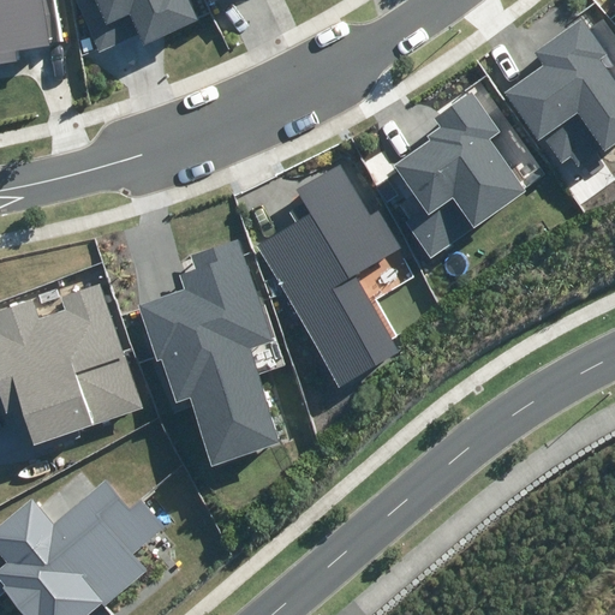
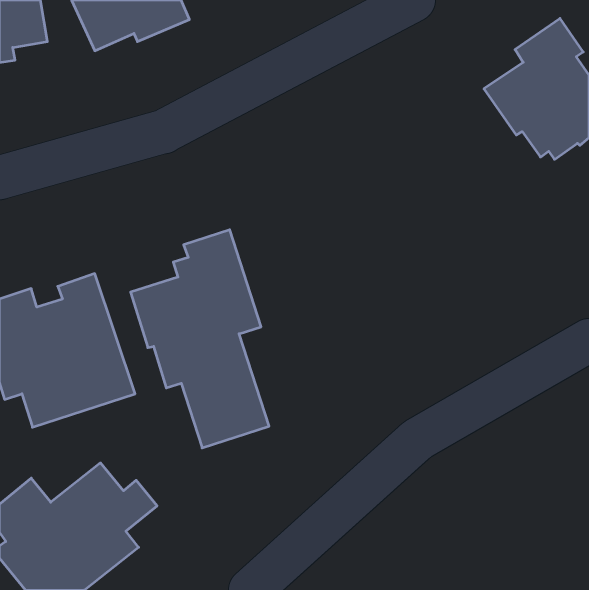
building: [393,92,526,258] -> none
building: [256,159,404,388] -> none

